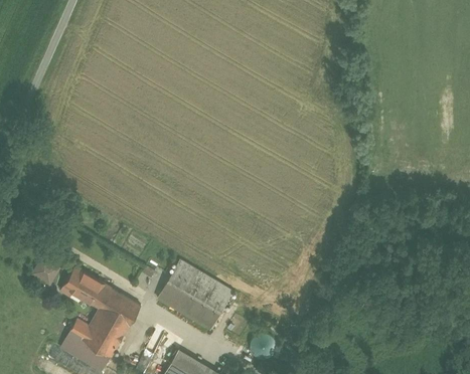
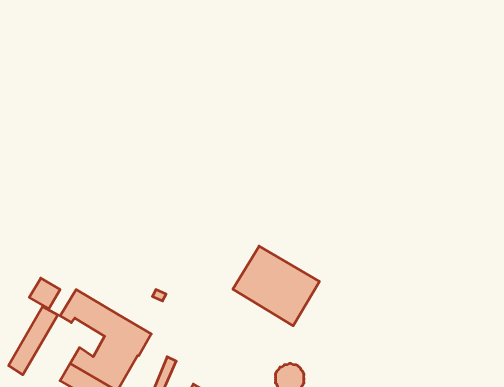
building: [156,260,232,331] -> [233,246,319,326]
building: none -> [9,307,58,375]

